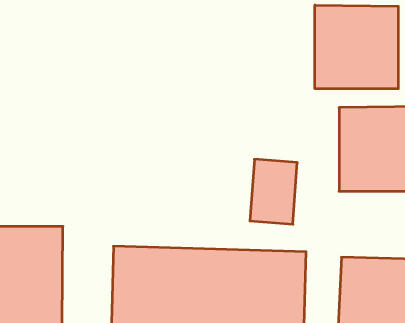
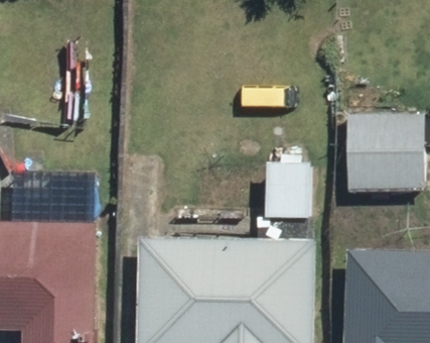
building: [315,5,398,89] -> none

